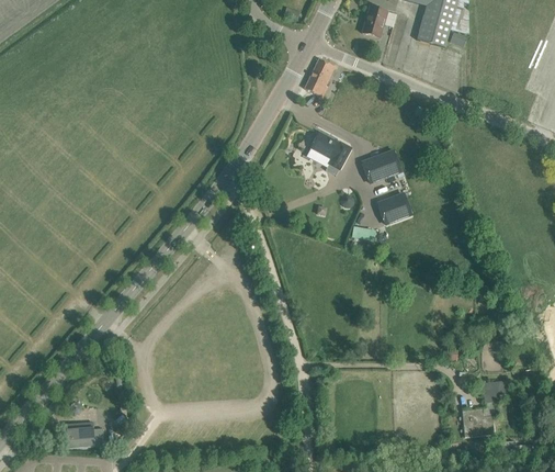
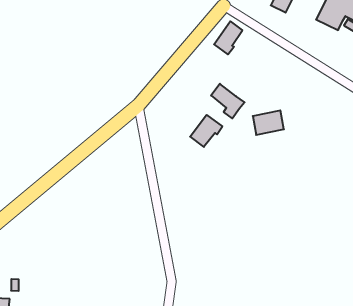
building: none -> [190,115,222,147]
building: [377,193,410,224] -> none

